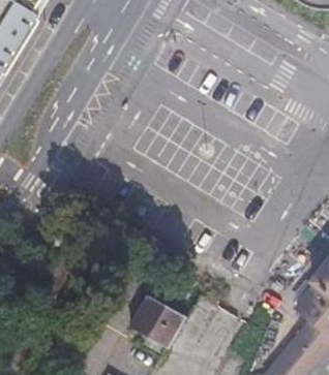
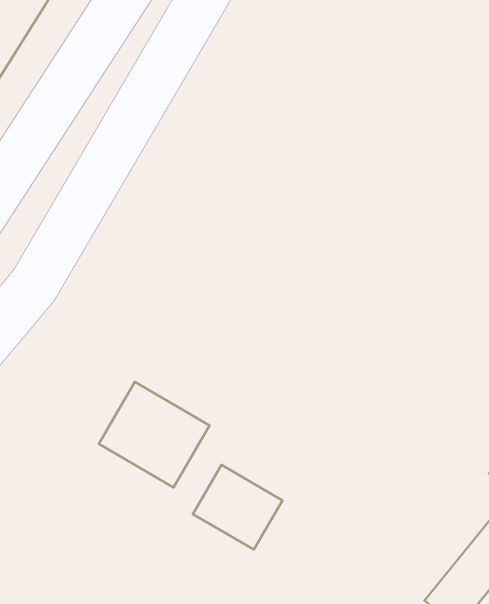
building: none -> [99,382,210,488]

